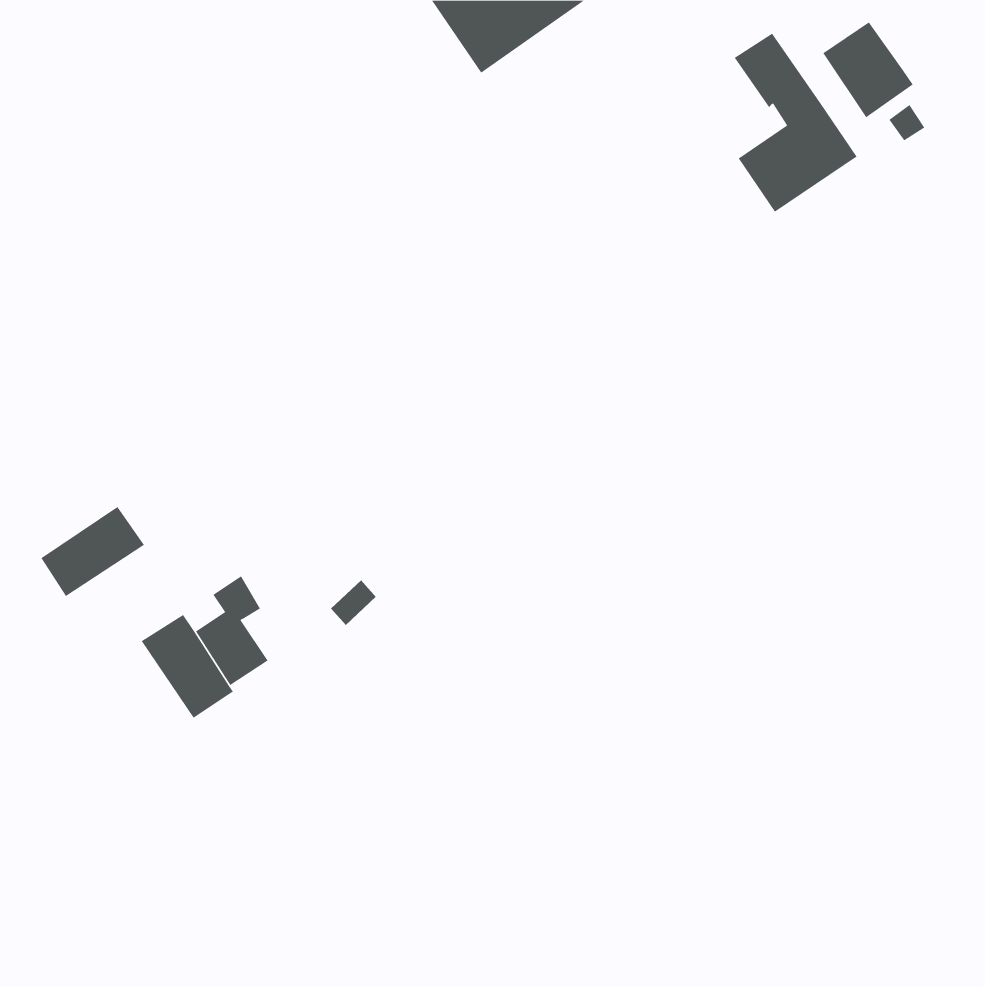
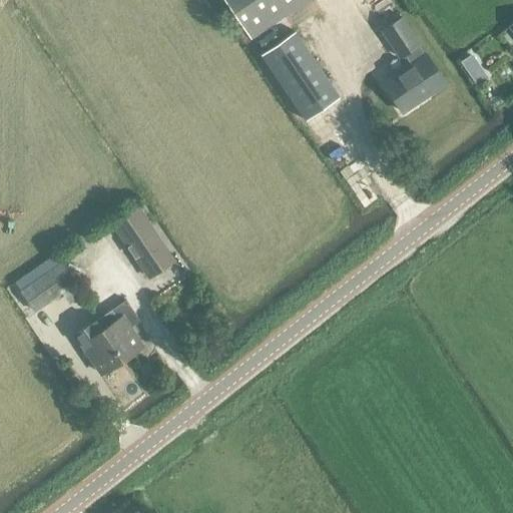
building: [823,21,913,118] -> none
building: none -> [262,32,340,119]
building: none -> [112,206,173,277]

